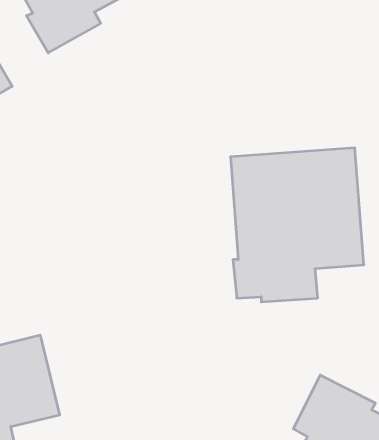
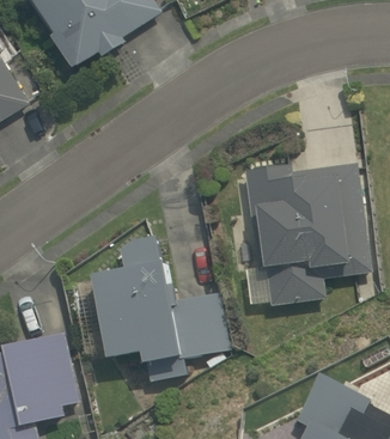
building: none -> [95,258,223,360]

